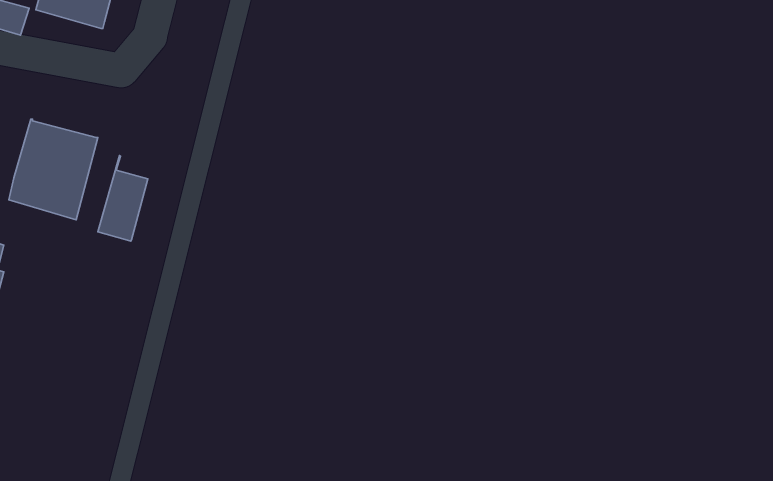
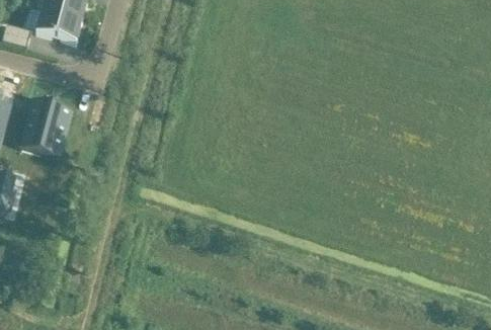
building: [98,156,148,241] -> none

